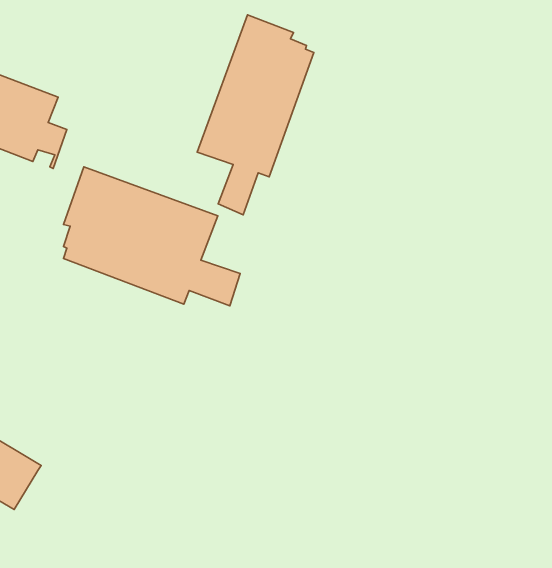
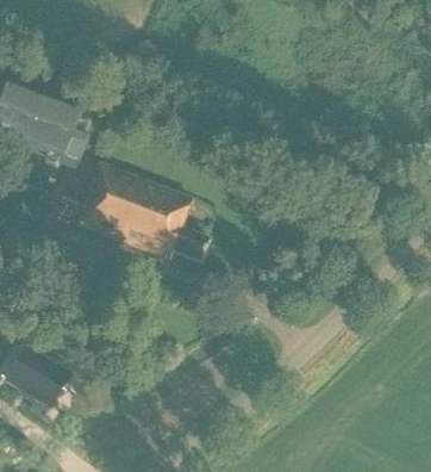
building: [197,15,314,215] -> none

